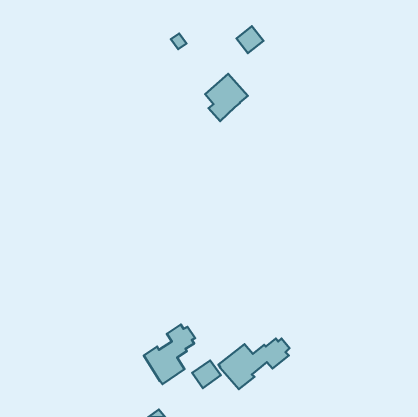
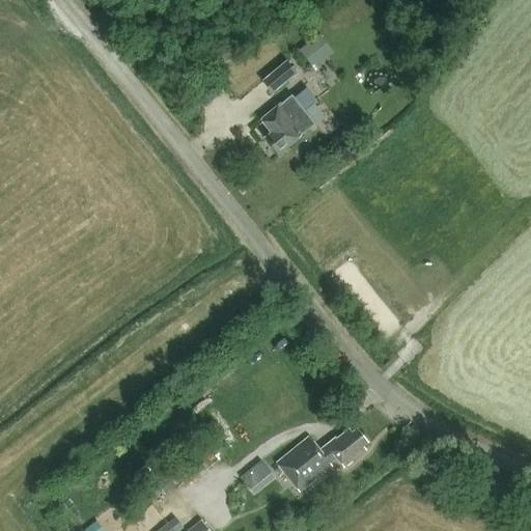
building: none -> [262,60,298,93]
building: [144,324,195,384] -> none

